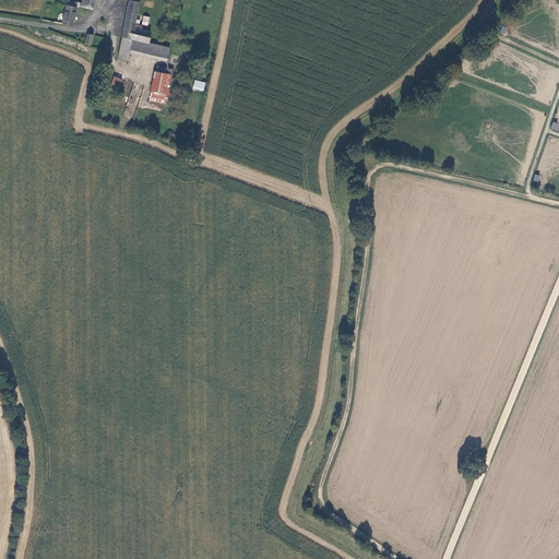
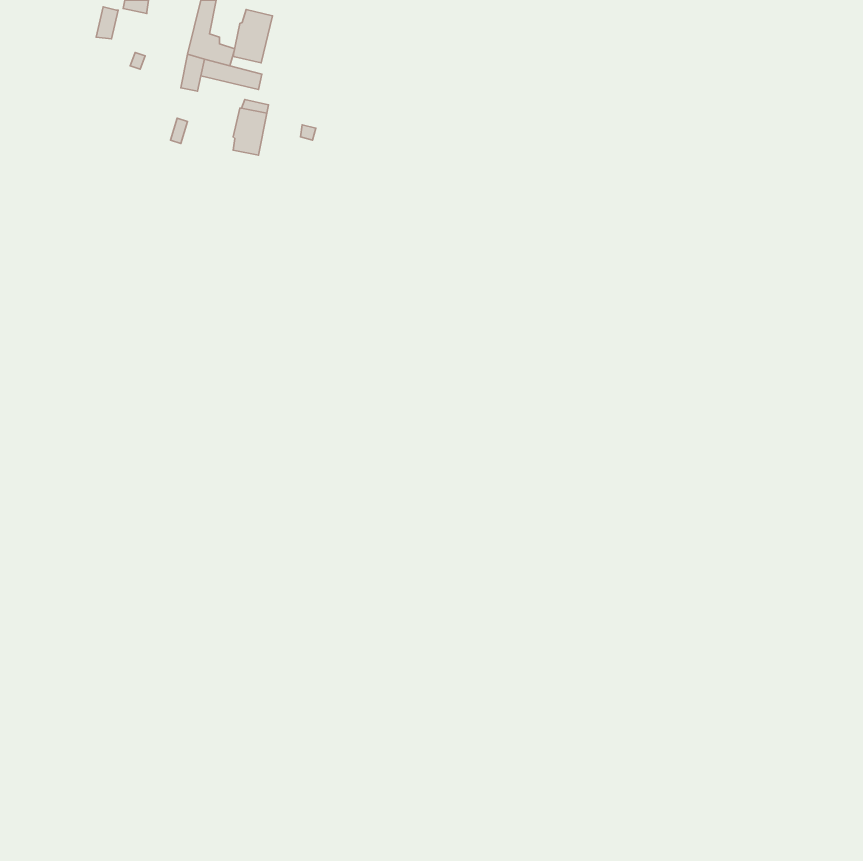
building: none -> [233,10,272,63]

